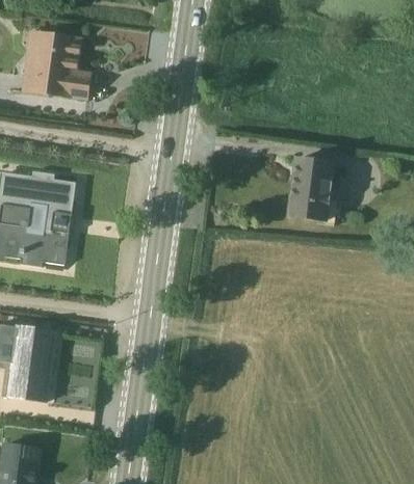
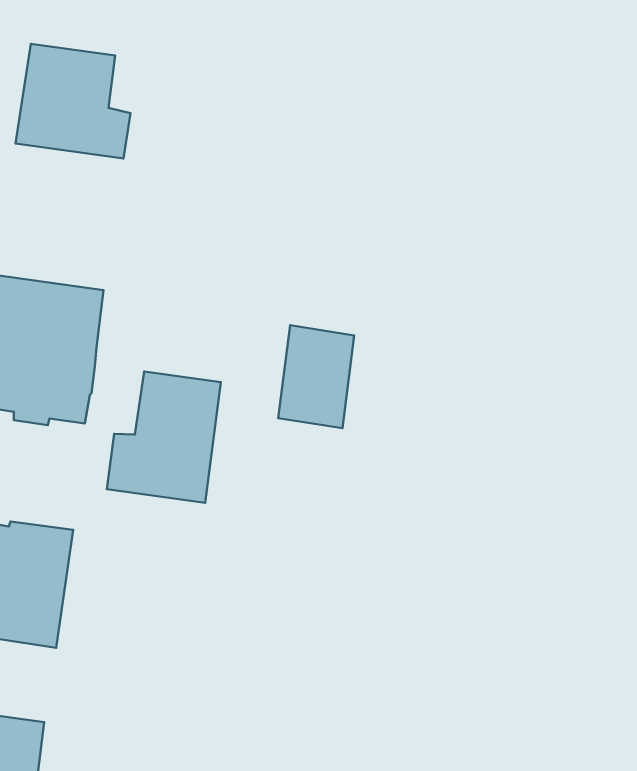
building: [289,158,336,221] -> [278,325,354,428]
building: none -> [107,371,221,503]

